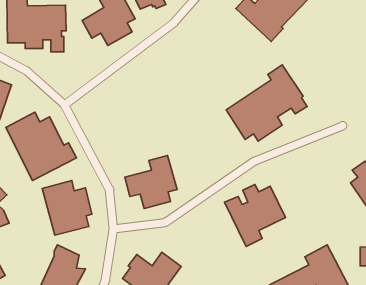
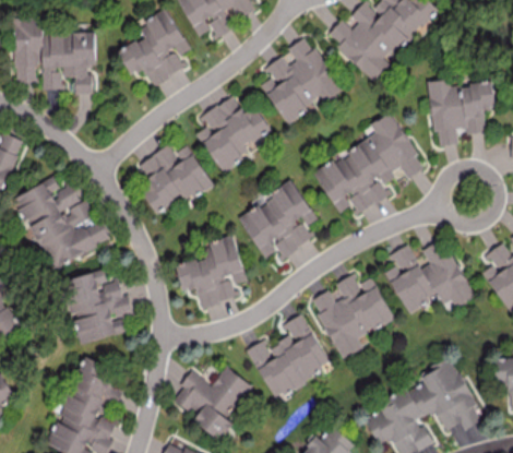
building: none -> [261,36,343,124]
building: none -> [429,81,496,146]
building: none -> [196,97,270,174]
building: none -> [139,145,213,214]
building: none -> [239,180,317,259]
building: none -> [385,239,474,314]
building: none -> [247,314,332,400]

